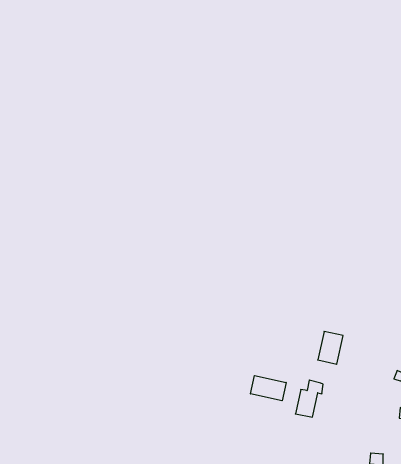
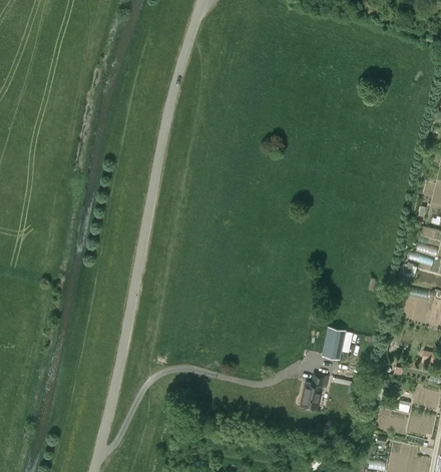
building: [251,376,286,401] -> none

